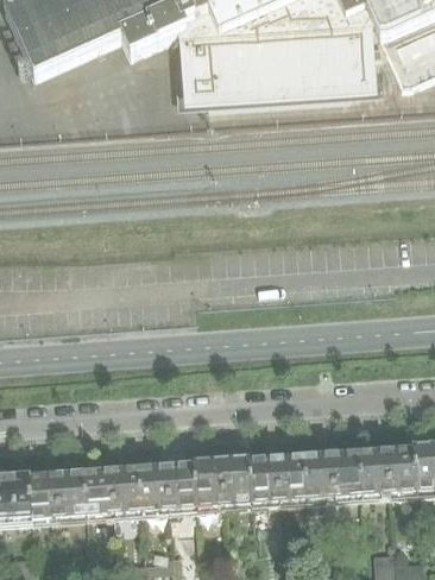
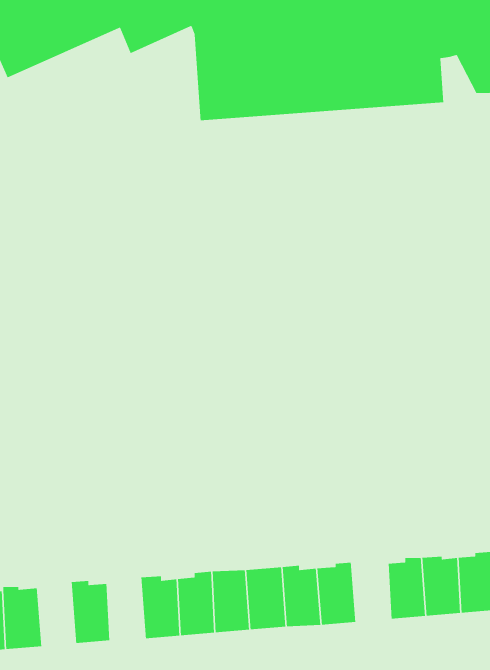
building: [305,452,336,500] -> none
building: [114,465,144,515] -> none
building: [59,468,89,519] -> none

